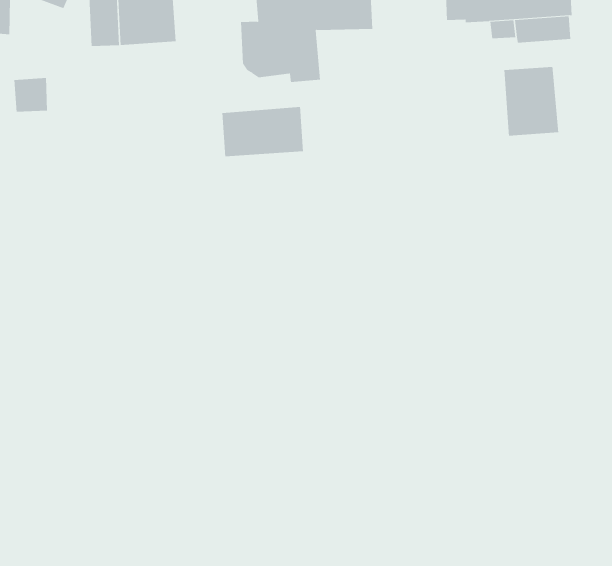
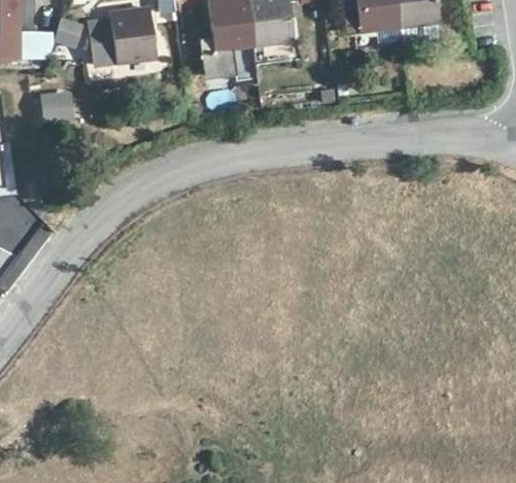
building: [504,66,559,137] -> none
building: [222,106,304,157] -> none

